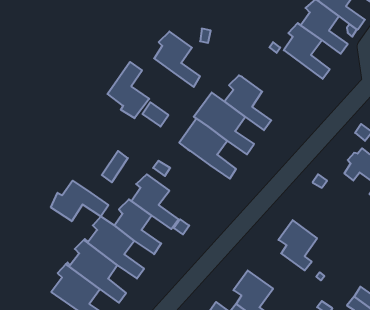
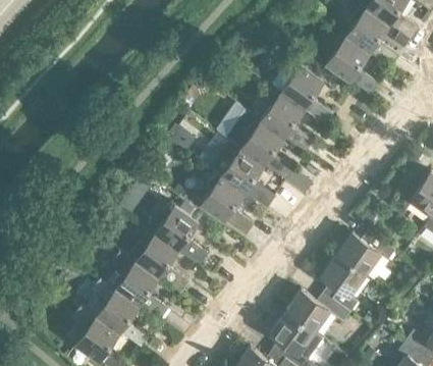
building: [154,31,200,87] -> [280,62,332,125]
building: [107,62,149,118] -> none
building: none -> [202,174,254,236]
building: [51,181,108,221] -> none
building: none -> [337,229,395,275]
building: none -> [286,291,350,332]

